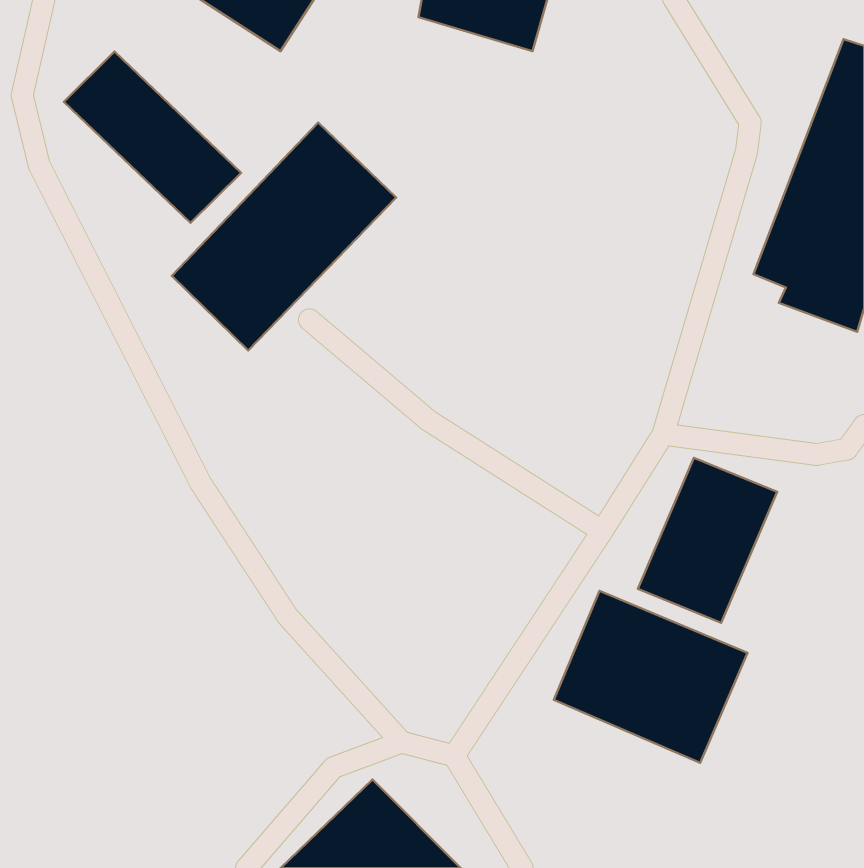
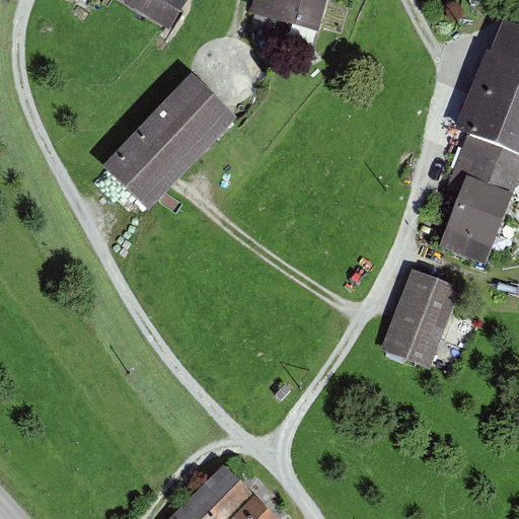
building: [64,52,241,223] -> none
building: none -> [439,180,511,262]
building: [554,591,747,763] -> none

